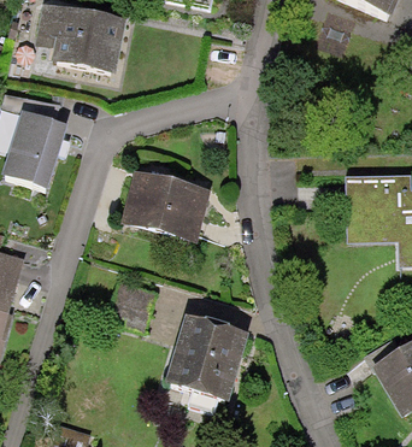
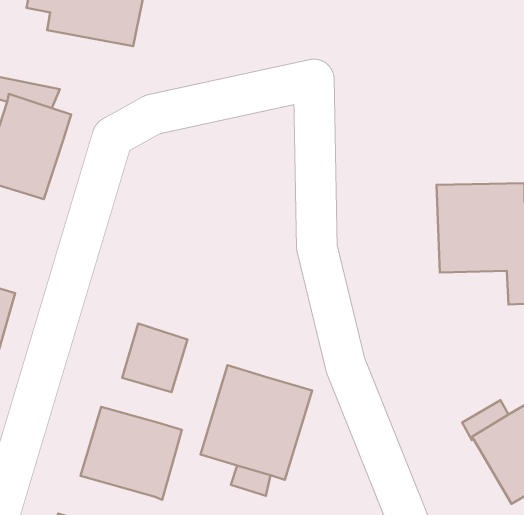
building: [119,167,211,242] -> none
building: none -> [80,407,182,500]

